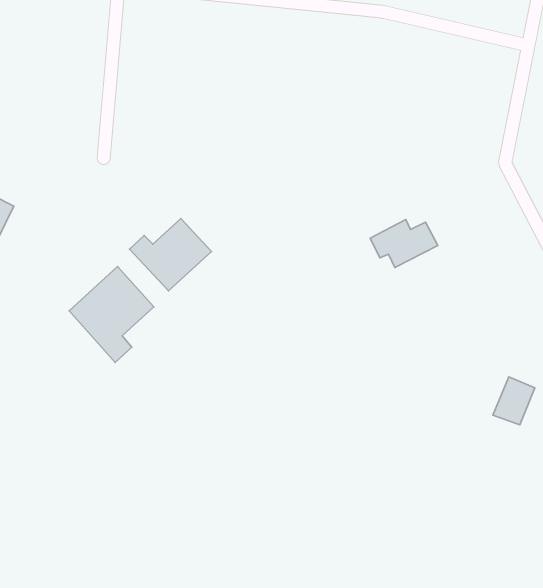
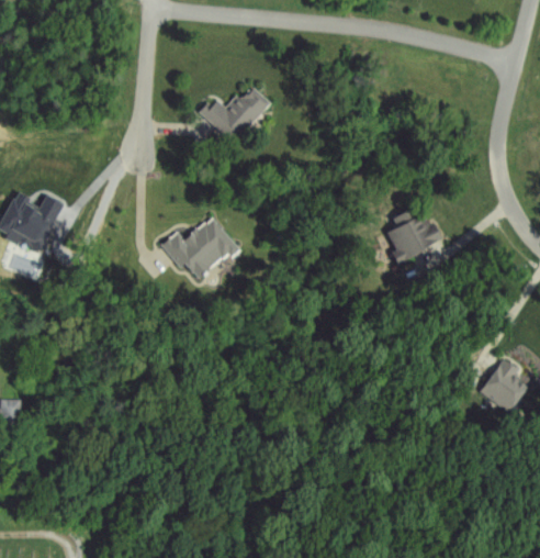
building: none -> [200,88,267,141]
building: [69,267,154,362] -> none

